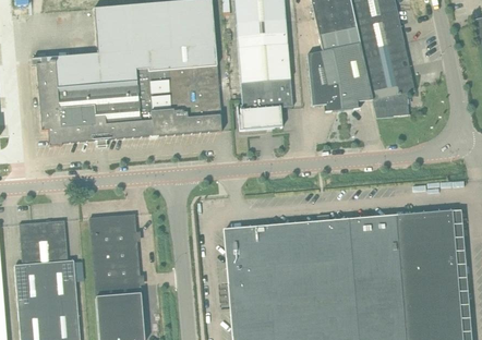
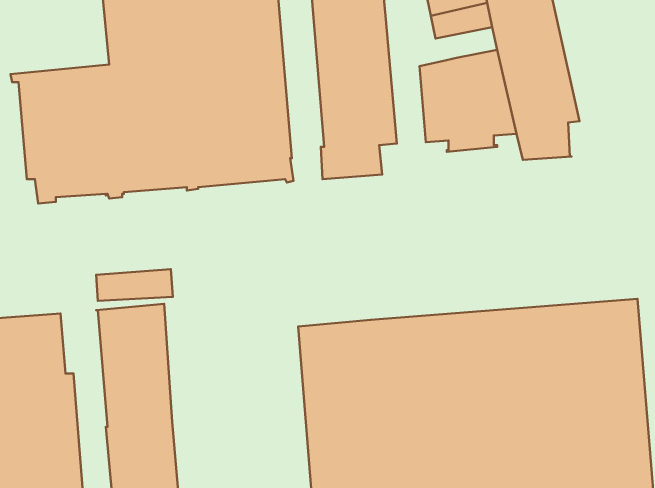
building: [318,27,360,50] -> none
building: none -> [96,269,173,301]

